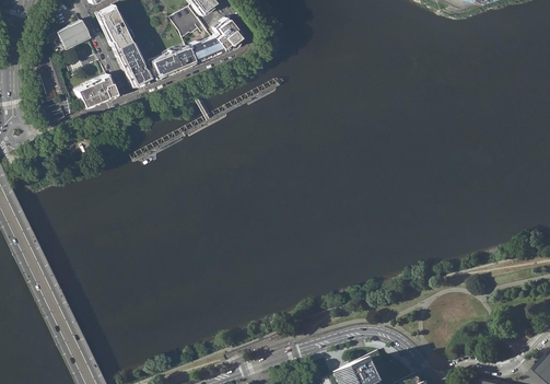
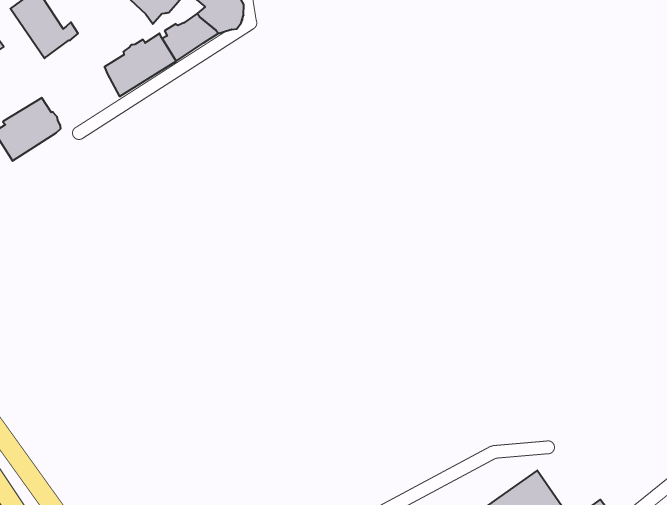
building: [118,38,156,85] -> none

